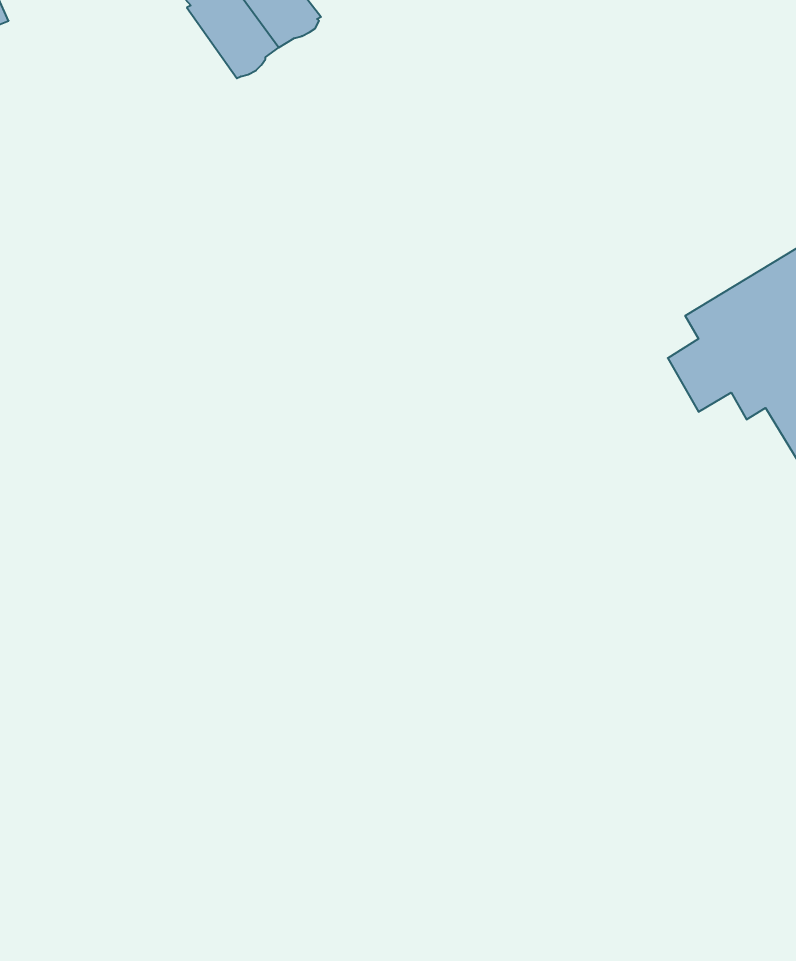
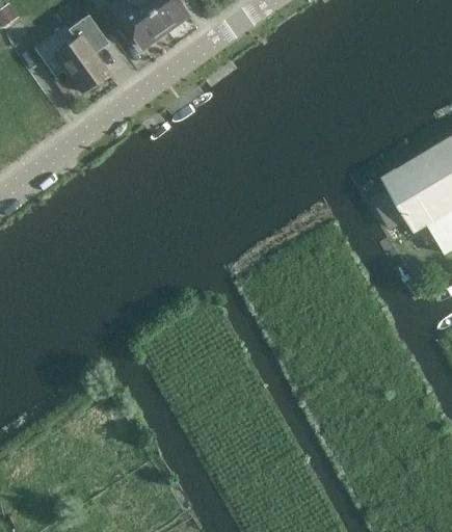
building: none -> [34,14,109,91]

